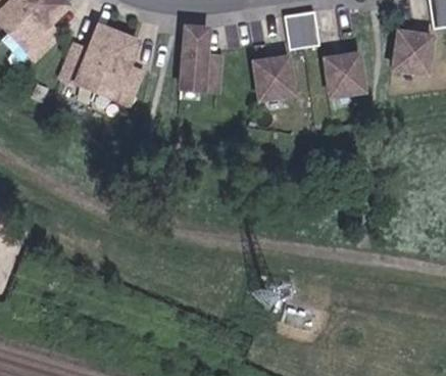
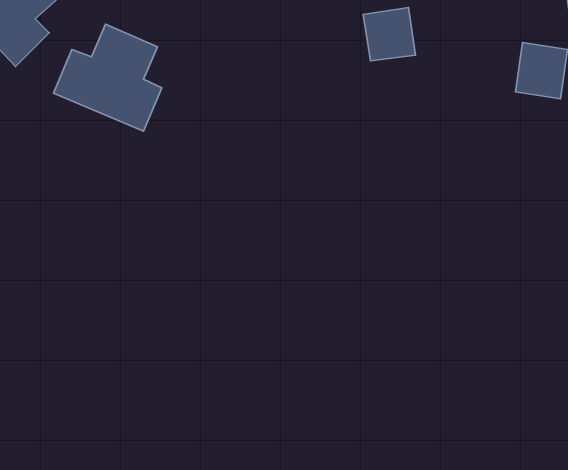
building: [183,27,220,90] -> none
building: [329,56,365,95] -> none
building: [254,59,292,99] -> none

